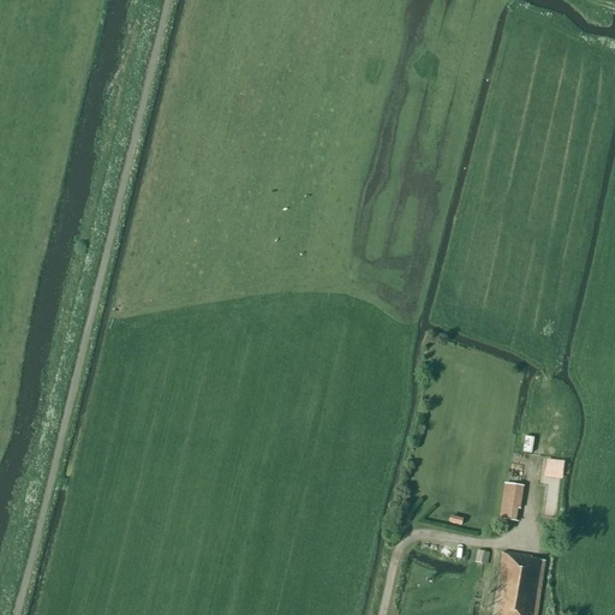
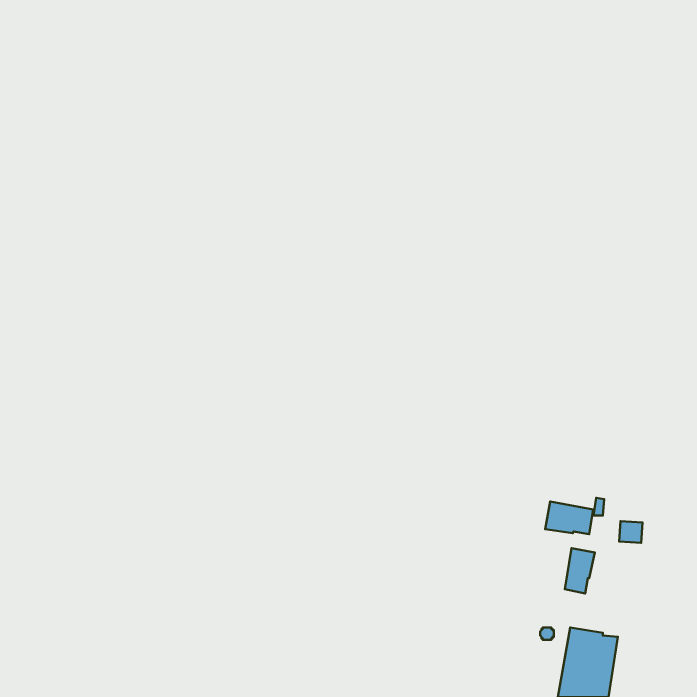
building: none -> [545,501,593,534]

